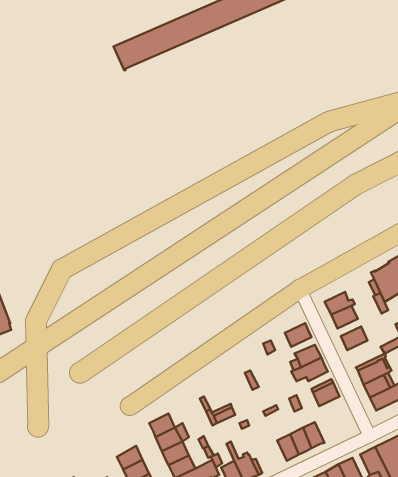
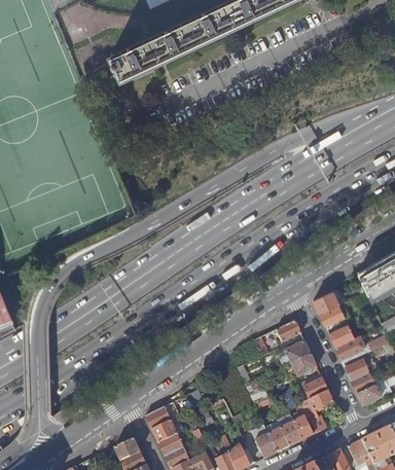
building: none -> [334,335,364,360]
building: none -> [301,391,332,433]
building: none -> [250,425,277,459]

